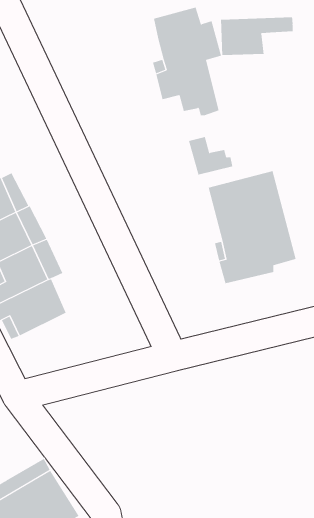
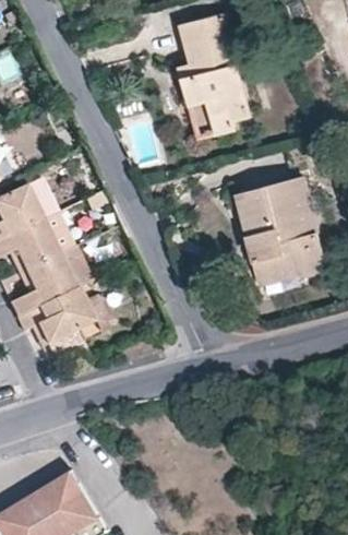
building: [220,17,293,56] -> none
building: [188,137,233,175] -> [191,100,237,140]

